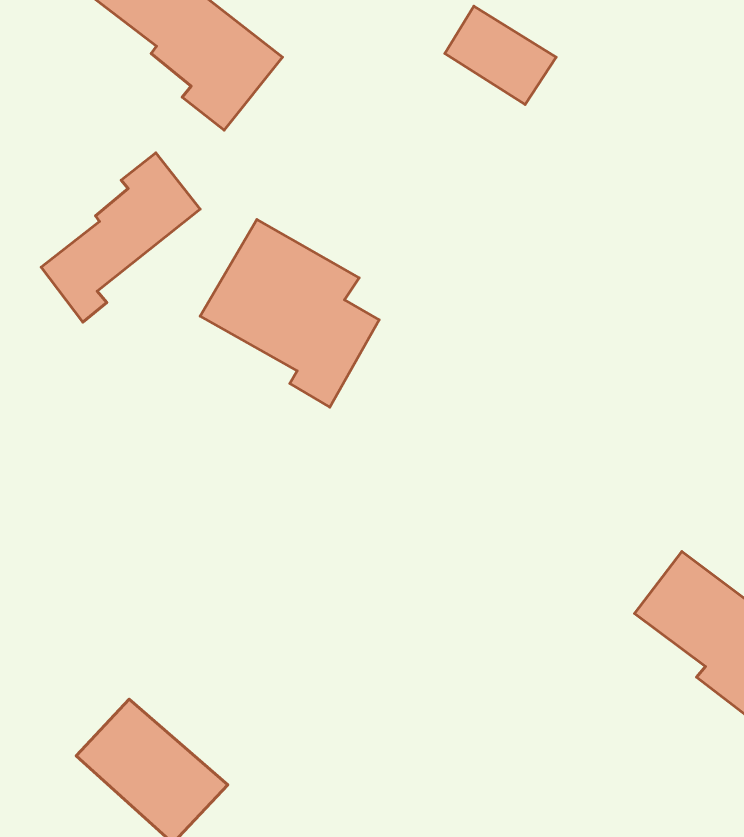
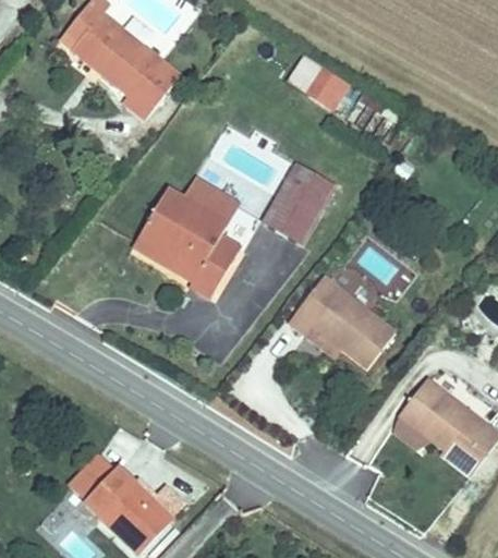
building: [41,153,200,322] -> none
building: none -> [264,159,335,238]
building: none -> [284,272,394,364]

